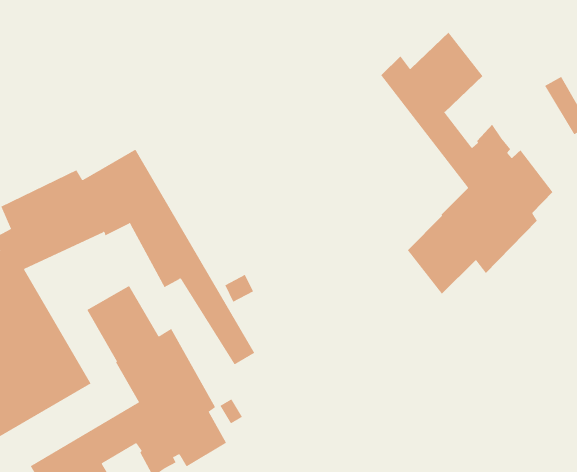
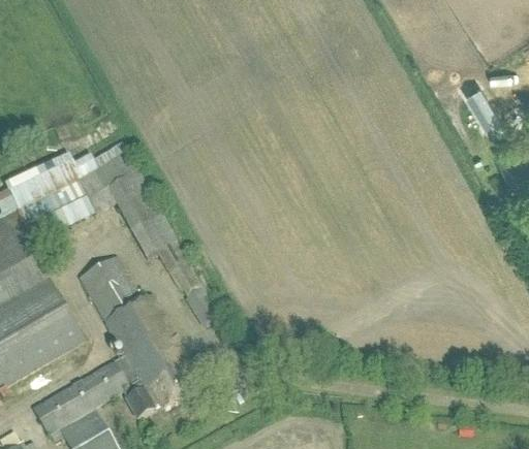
building: [380,32,553,294] -> none

